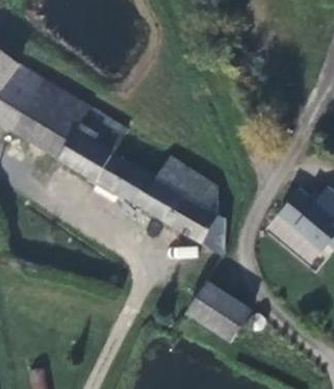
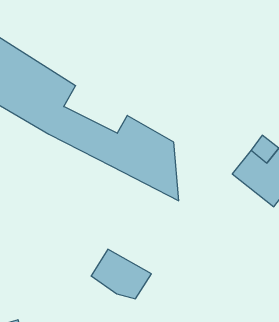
building: [187,278,251,330] -> [91,249,151,299]

